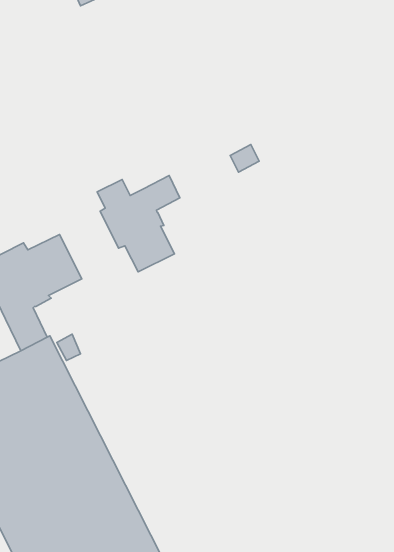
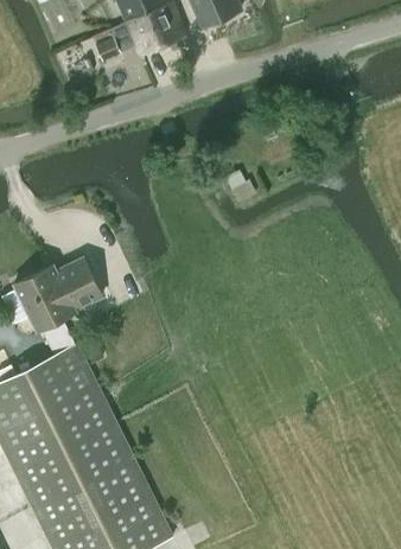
building: [97,176,180,272] -> none

